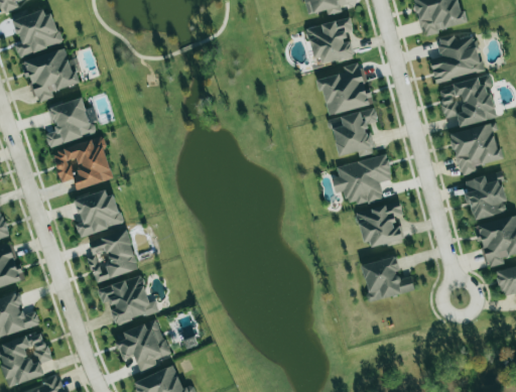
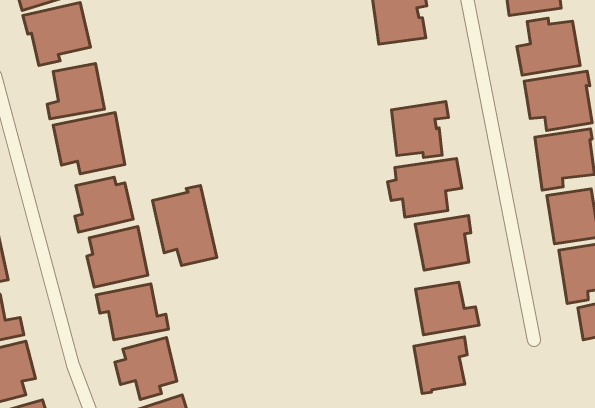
building: [315,62,371,115] -> none
building: none -> [153,185,217,266]
building: none -> [414,337,467,394]

